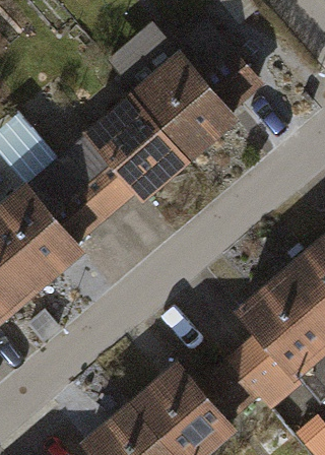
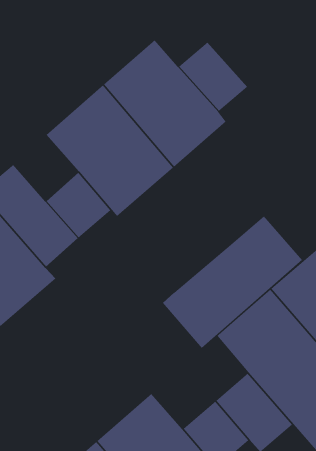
building: none -> [162,215,303,349]

